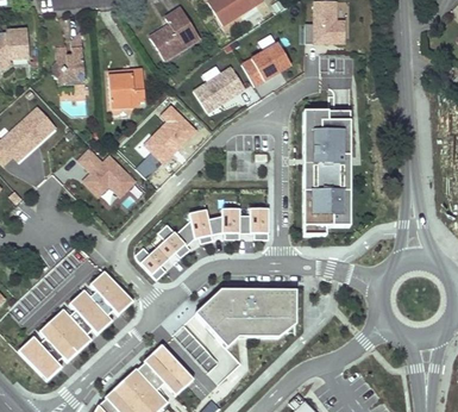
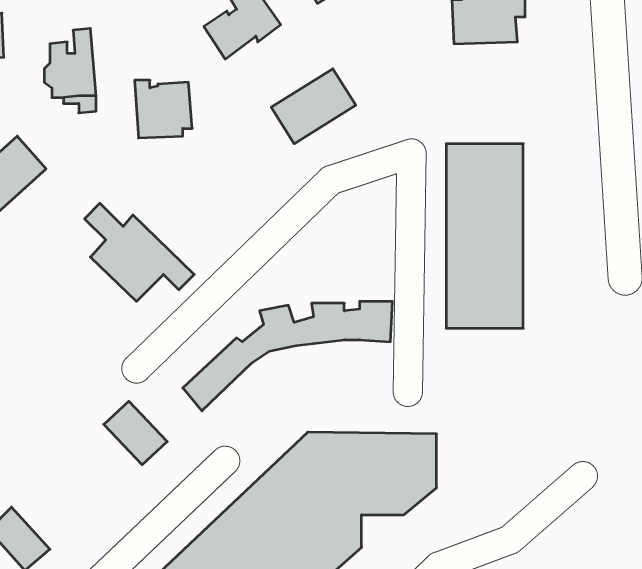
building: [241,40,290,82] -> none
building: [136,105,196,177] -> none
building: [68,289,107,329] -> none
building: [38,308,86,356] -> none

